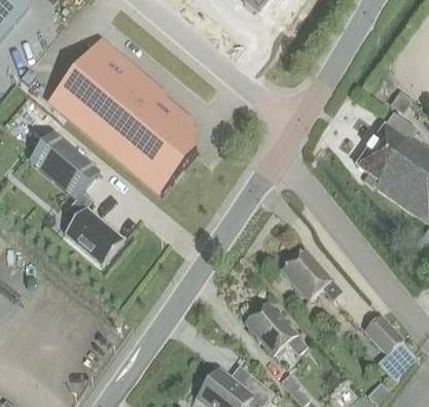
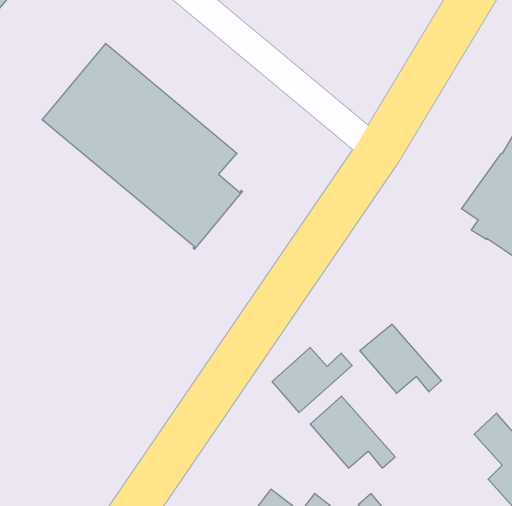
building: [29,131,123,265] -> none
building: none -> [272,347,352,413]

